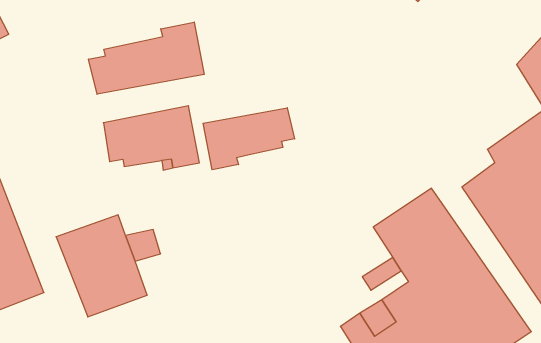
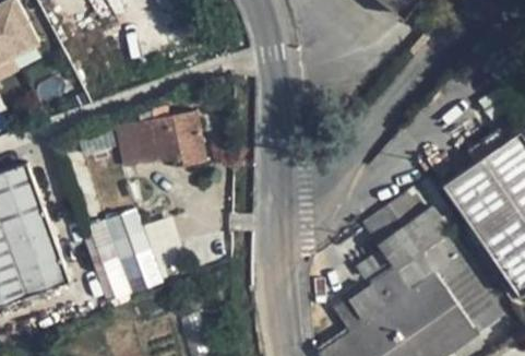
building: [89,22,204,94] -> none
building: [203,108,295,170] -> none

